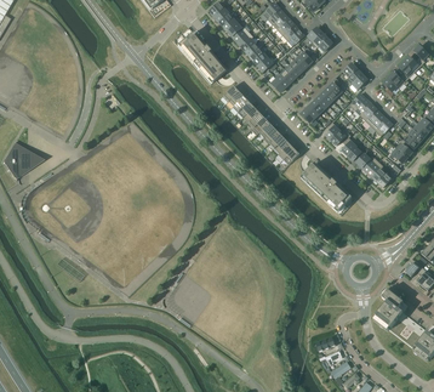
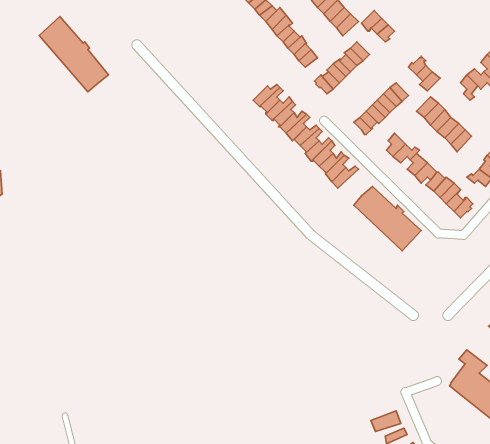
building: [172,27,225,85] -> [39,17,108,92]

